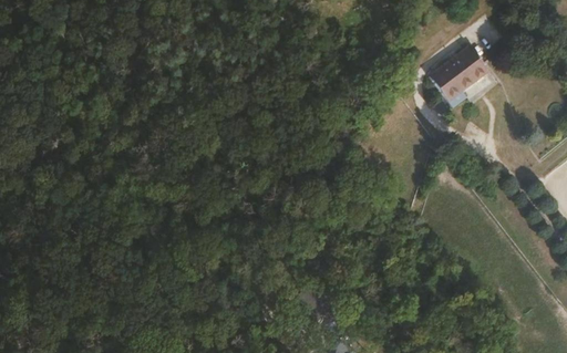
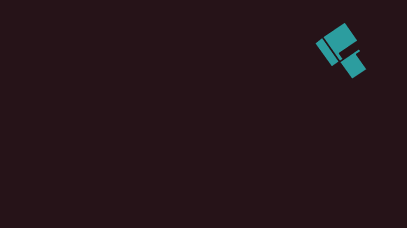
building: none -> [340,48,367,80]

